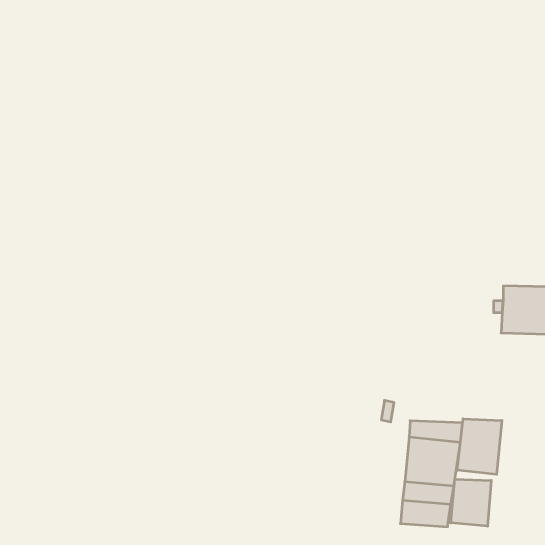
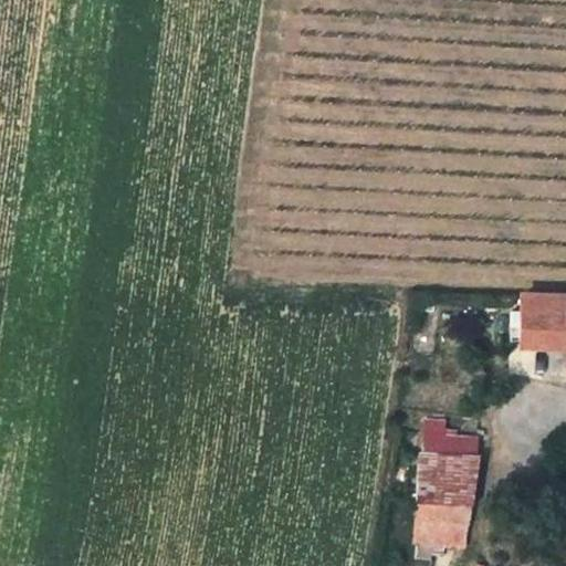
building: [457,419,502,474] -> none
building: [451,479,491,526] -> none

